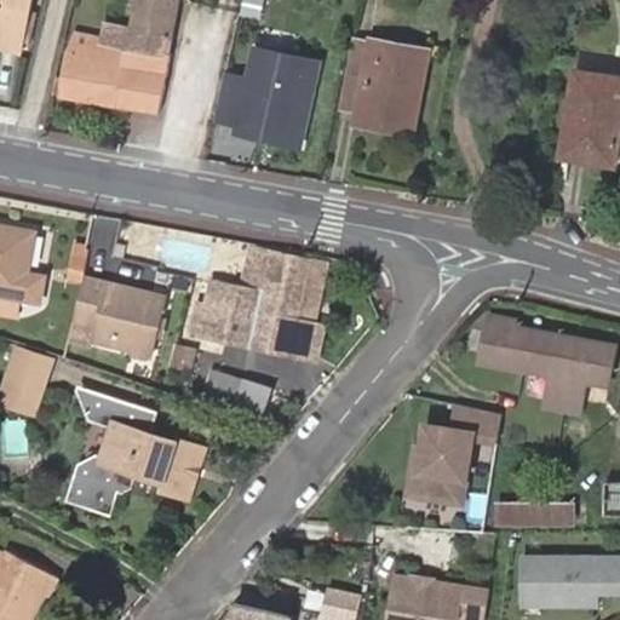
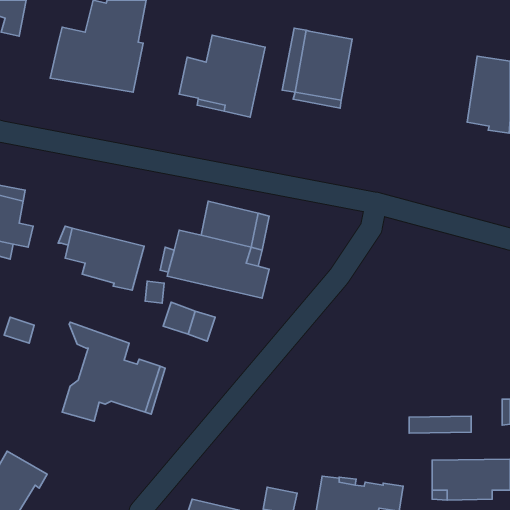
building: [478,317,612,414] -> none
building: [12,349,53,395] -> none
building: [398,406,498,505] -> none

